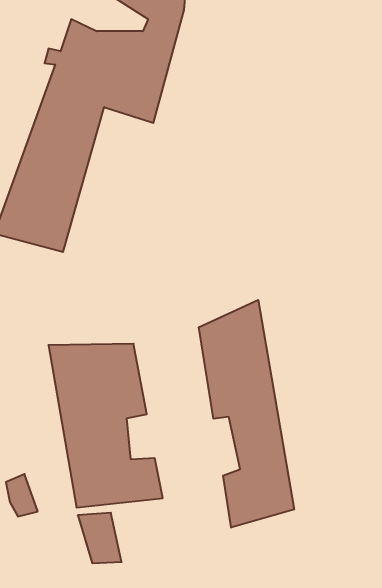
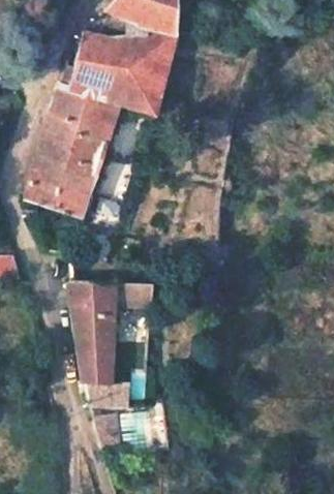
building: [199,300,294,528] -> none

